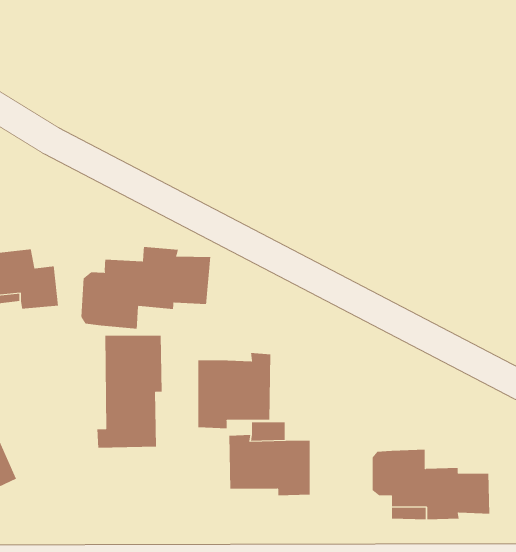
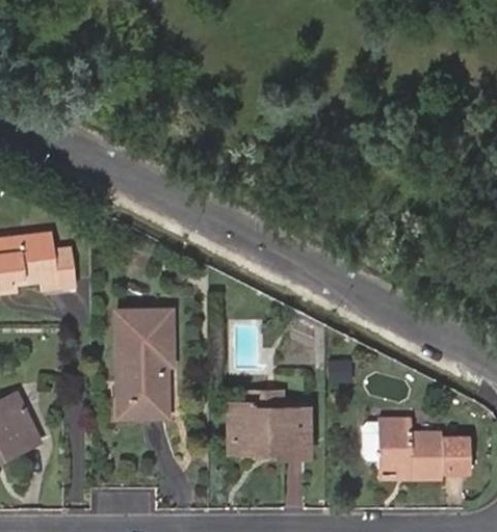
building: [81,246,211,330] -> none
building: [198,352,271,429] -> none

